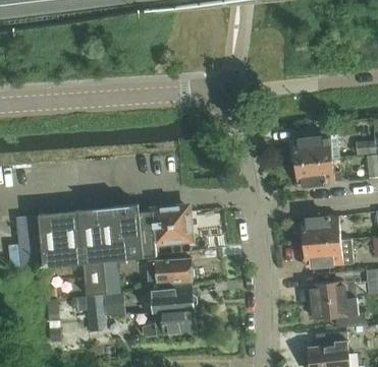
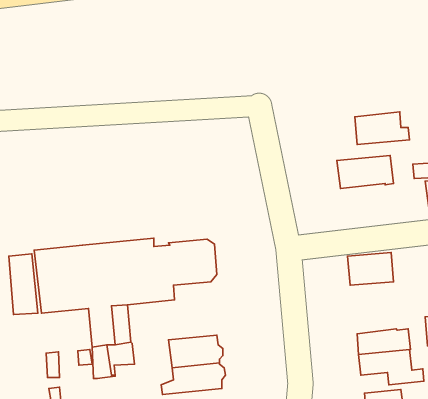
building: [295,159,341,186] -> [355,112,409,145]
building: [304,240,355,267] -> none
building: [149,258,194,285] -> none

